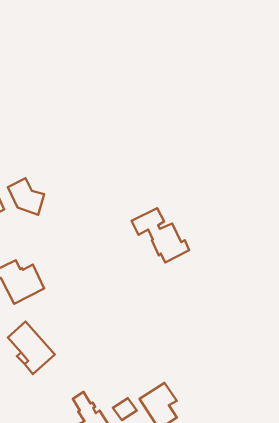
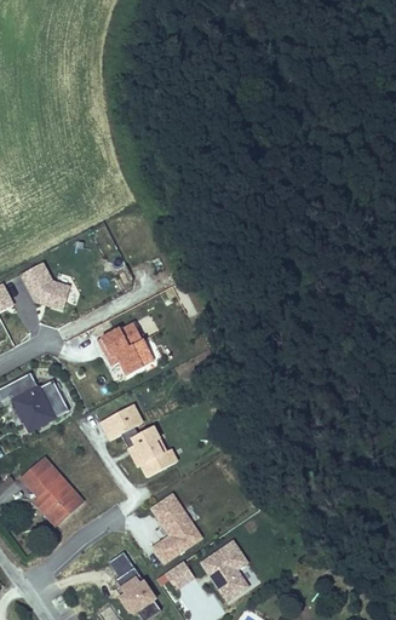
building: [131,208,189,263] -> [99,404,178,478]
building: none -> [97,321,144,374]
building: none -> [150,493,202,563]

